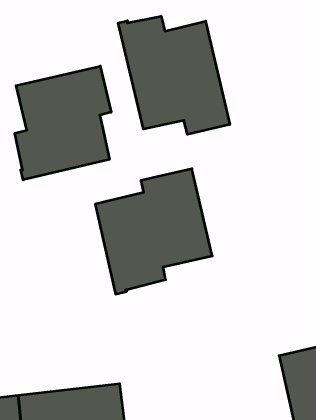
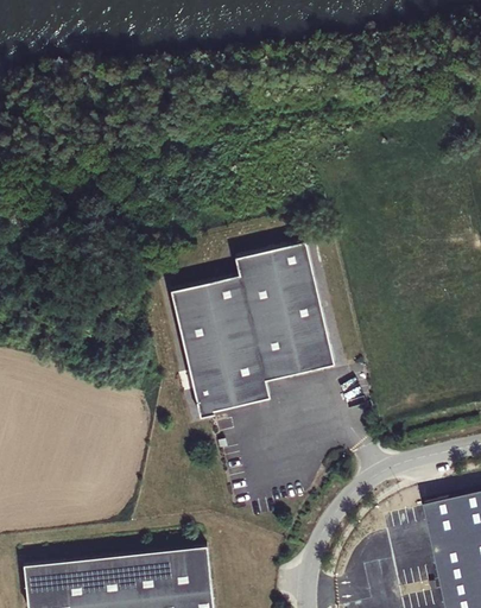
building: [118,16,230,134] -> none
building: [15,66,111,180] -> none

